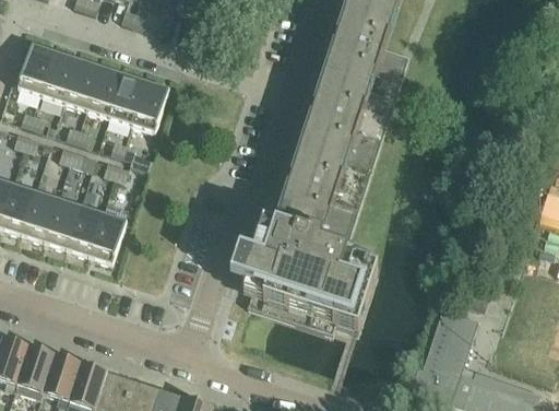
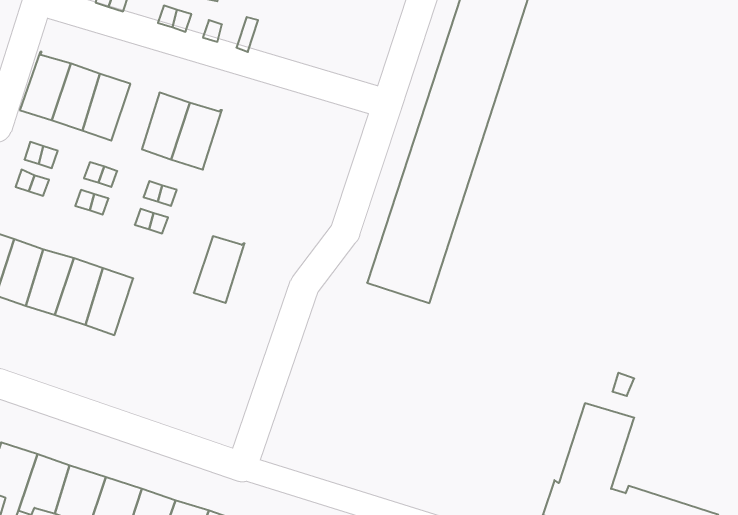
building: [228,46,407,333] -> none
building: [84,67,120,116] -> none
building: [86,213,124,263] -> [194,236,245,303]

